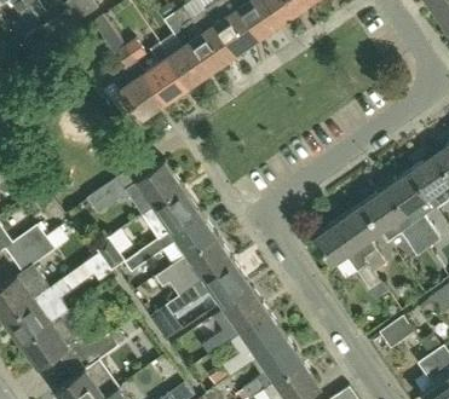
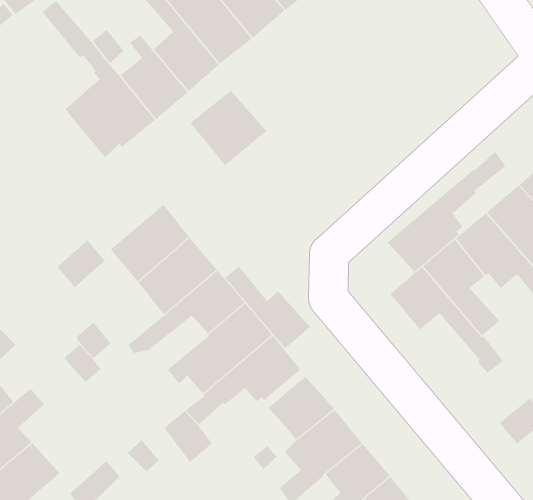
building: none -> [190,90,267,166]
building: none -> [387,151,506,273]
building: none -> [224,265,311,349]

